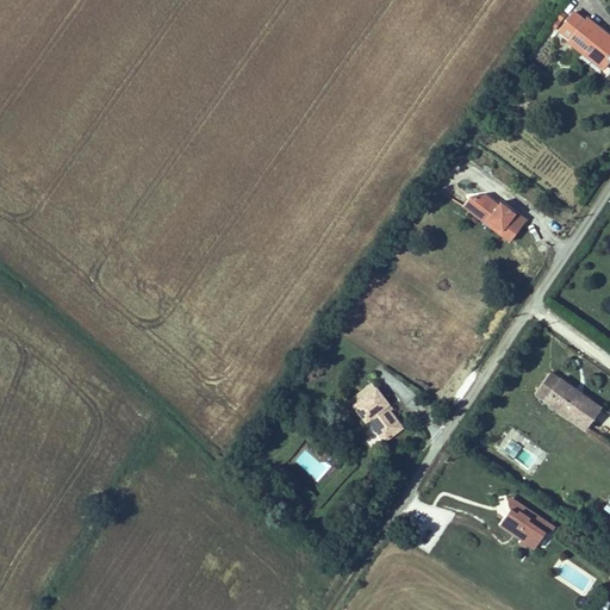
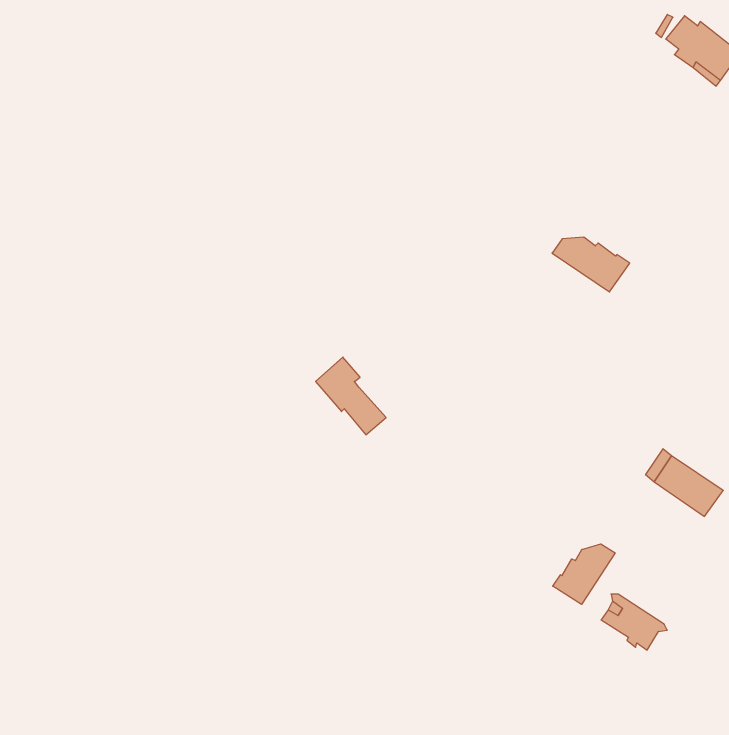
building: [346,375,404,440] -> [316,357,386,435]
building: none -> [553,544,615,604]

